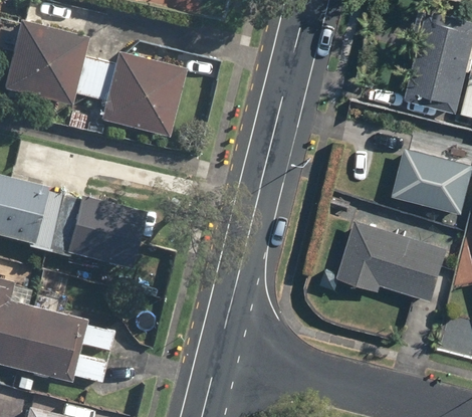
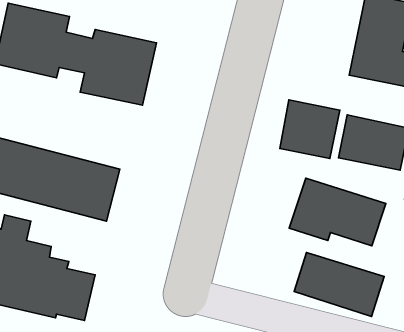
building: none -> [280,100,340,159]
building: none -> [294,252,384,316]

